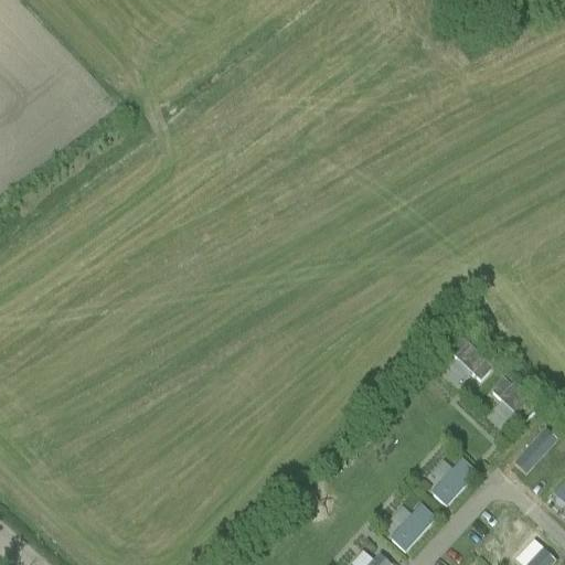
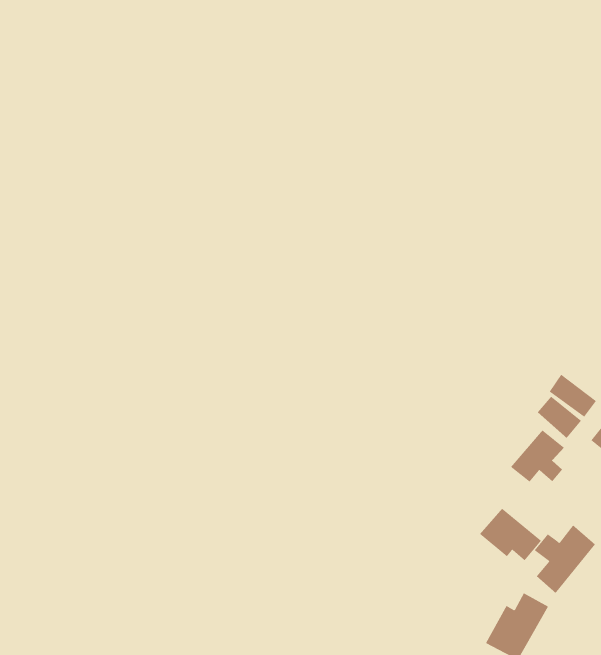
building: none -> [510,430,565,483]
building: none -> [479,508,542,561]

